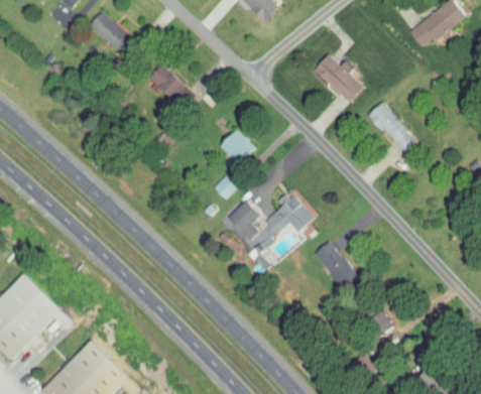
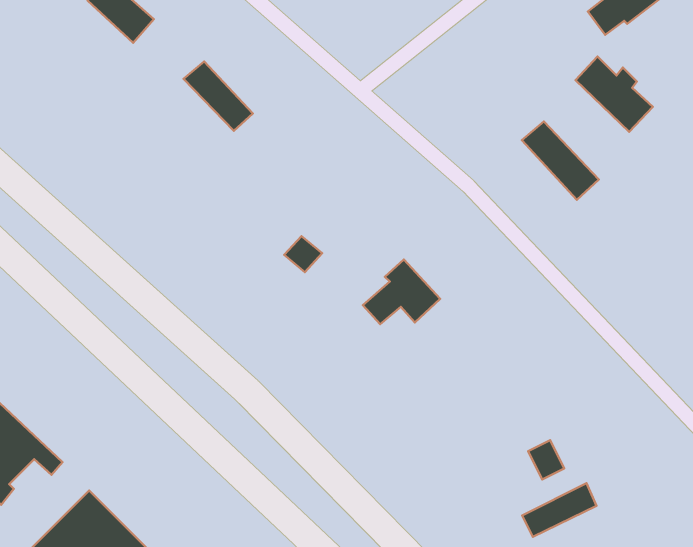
building: [314,54,363,103] -> [576,56,653,132]
building: [219,129,254,163] -> none
building: [229,201,277,252] -> none
building: [314,240,358,286] -> none
building: none -> [522,483,597,537]

